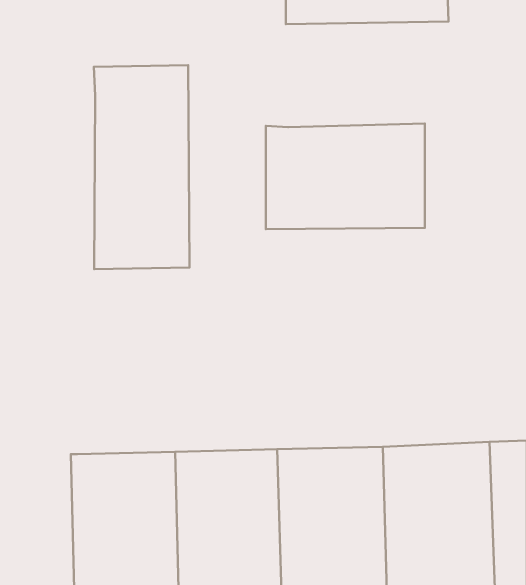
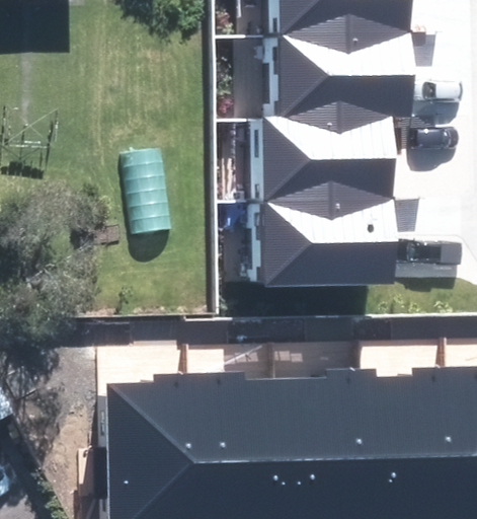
building: none -> [277,30,411,117]
building: [94,65,190,269] -> none
building: none -> [261,199,391,284]

